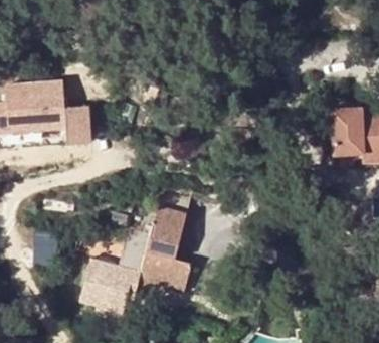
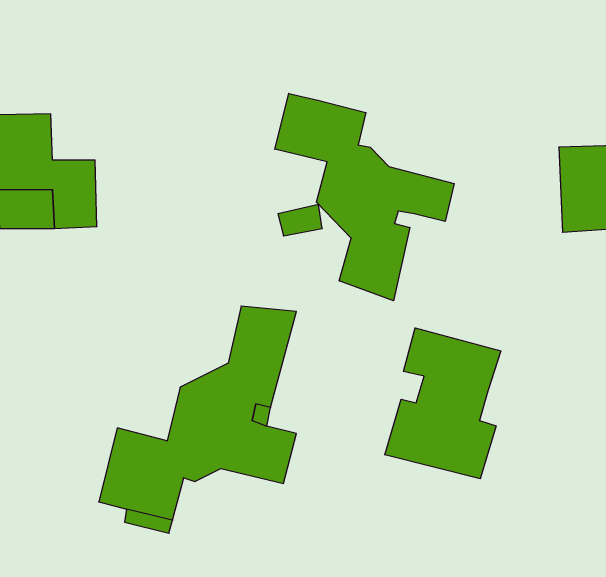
building: none -> [275,93,454,301]
building: none -> [385,328,501,479]

